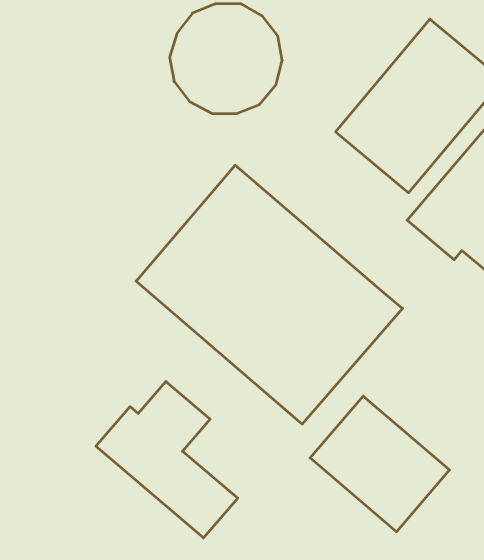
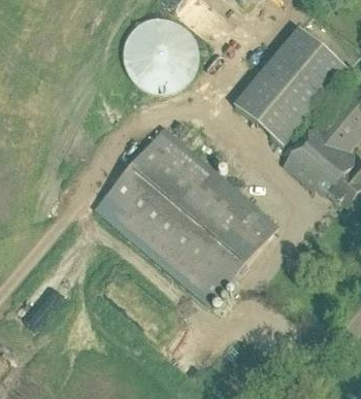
building: [96,381,238,538] -> none
building: [310,396,450,532] -> none

